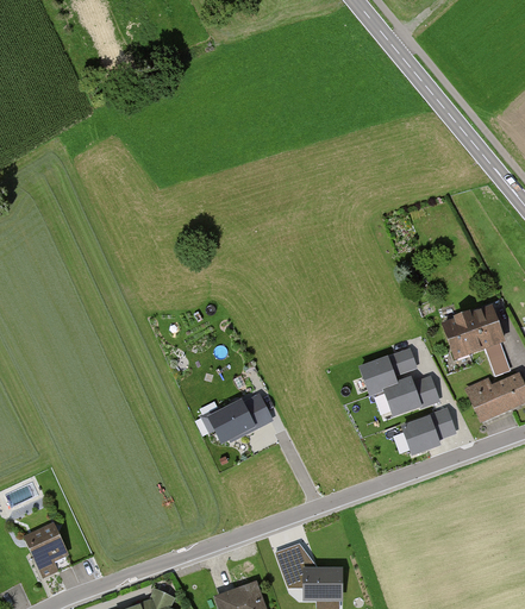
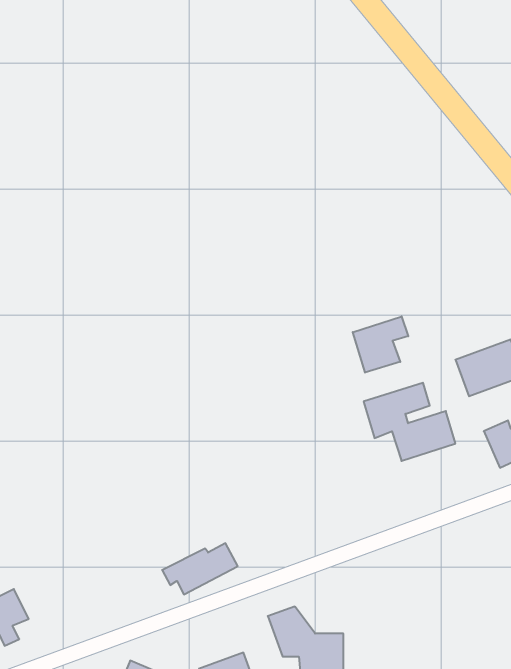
building: none -> [353,316,408,373]
building: [202,394,269,439] -> [162,543,238,594]
building: [401,408,456,453] -> none

